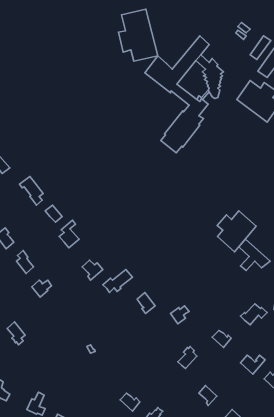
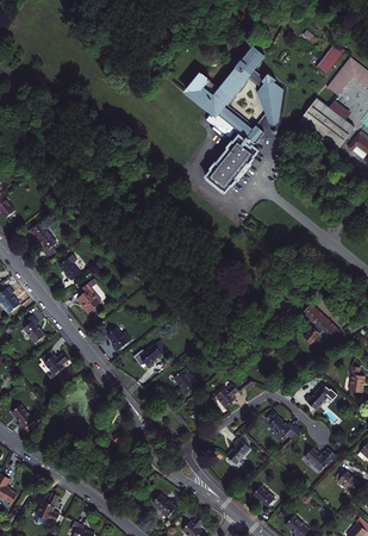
building: [118,9,158,61] -> none
building: [217,211,256,252] -> none

